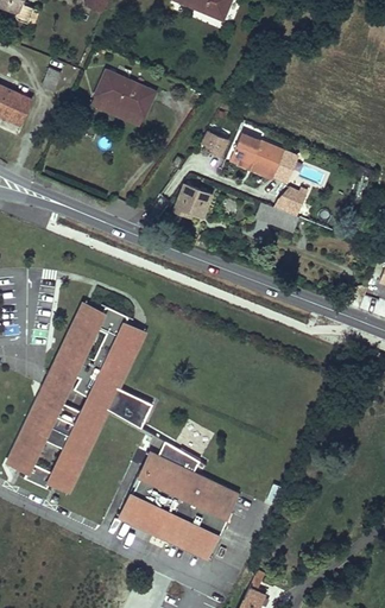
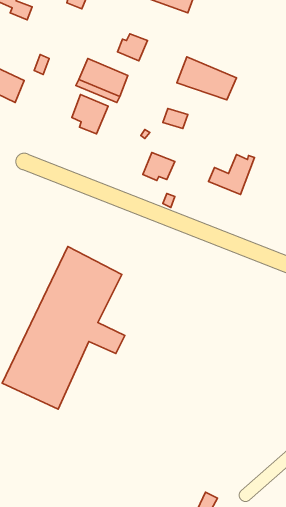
building: none -> [117,34,148,61]
building: none -> [72,94,108,134]
building: [226,133,297,184] -> [177,57,237,100]
building: [119,438,240,559] -> none

